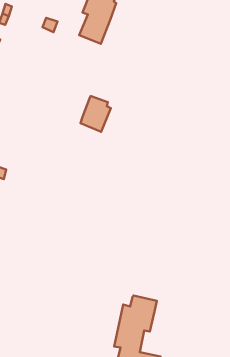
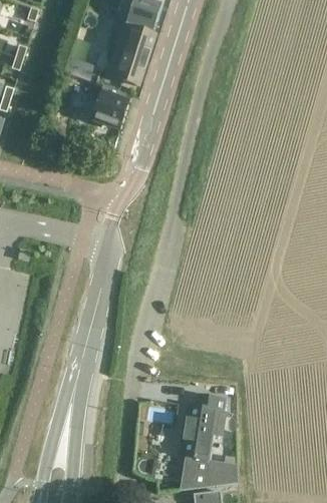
building: [81,96,111,132] -> [92,85,128,128]

